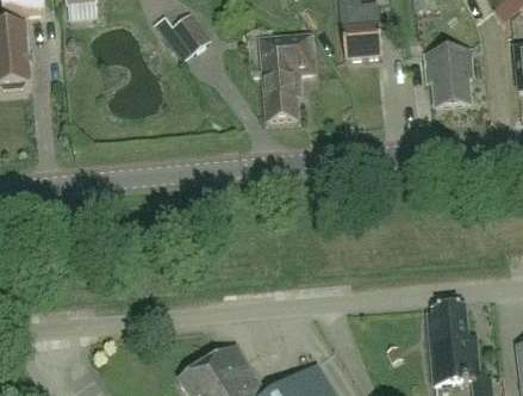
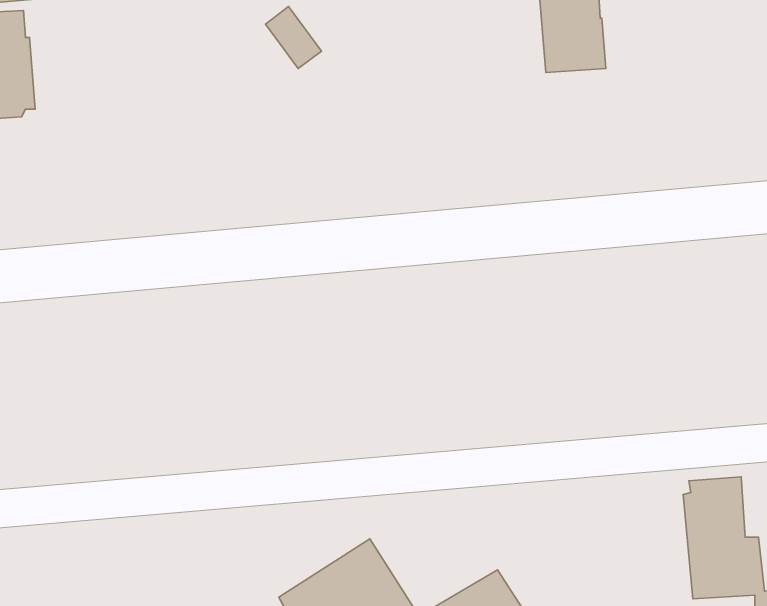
building: [261,35,313,117] -> none
building: [424,48,472,105] -> none

